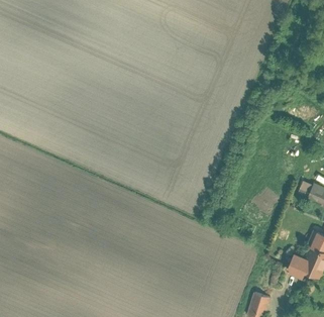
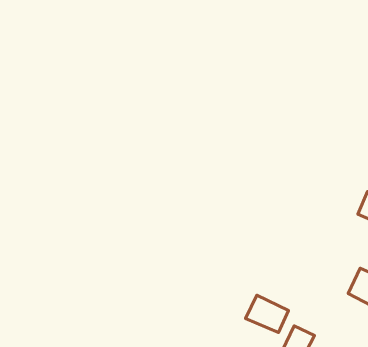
building: none -> [246,295,289,333]

